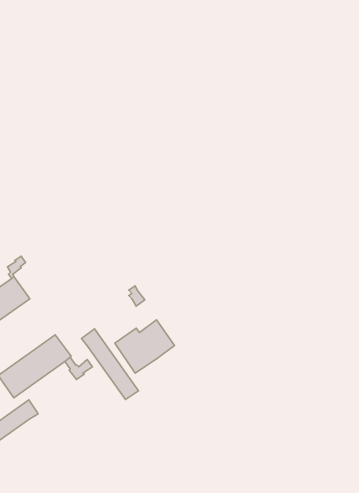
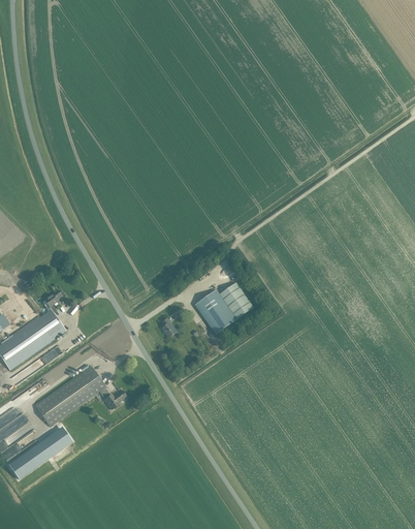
building: [115,320,175,373] -> [195,281,253,333]
building: [81,329,138,399] -> none

